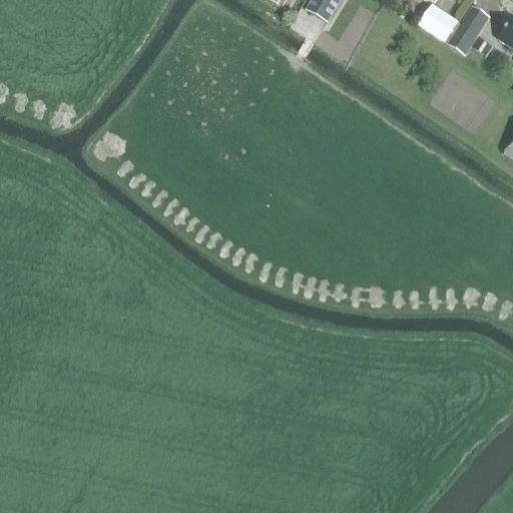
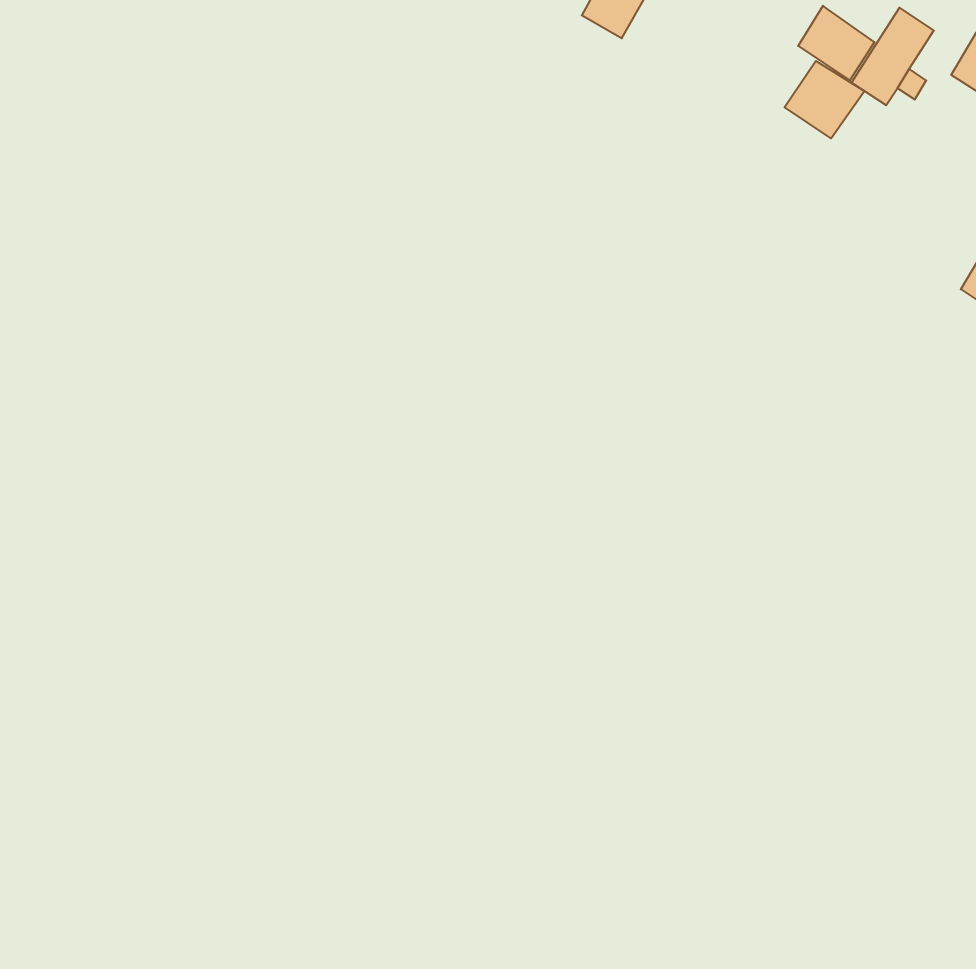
building: none -> [785,61,865,138]

